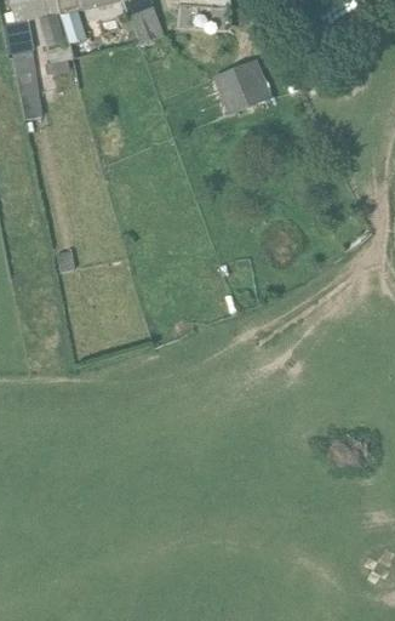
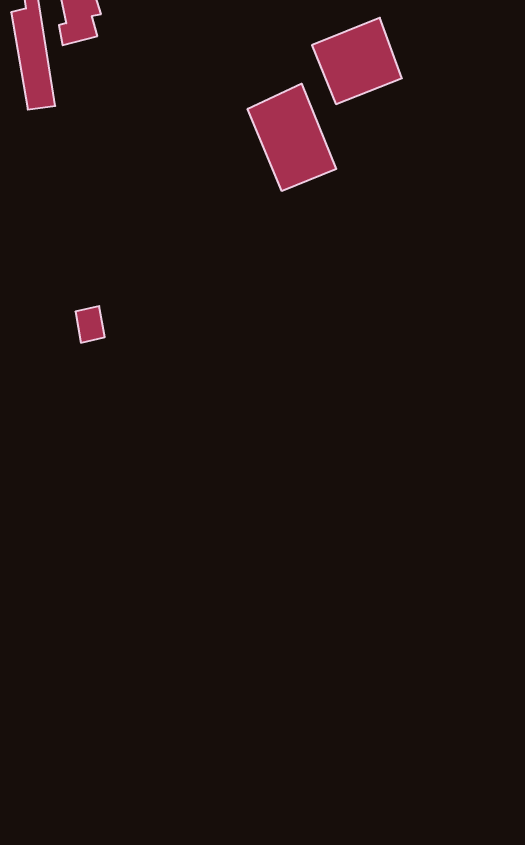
building: none -> [248,84,336,191]

